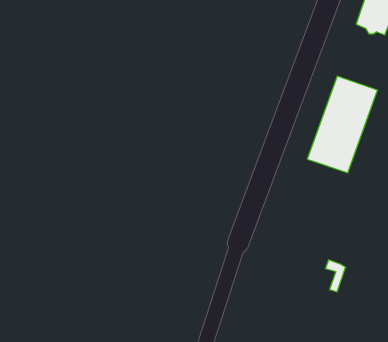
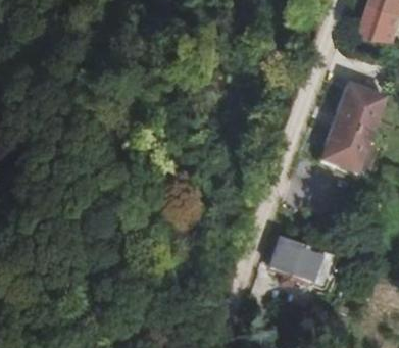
building: none -> [268,237,333,286]

